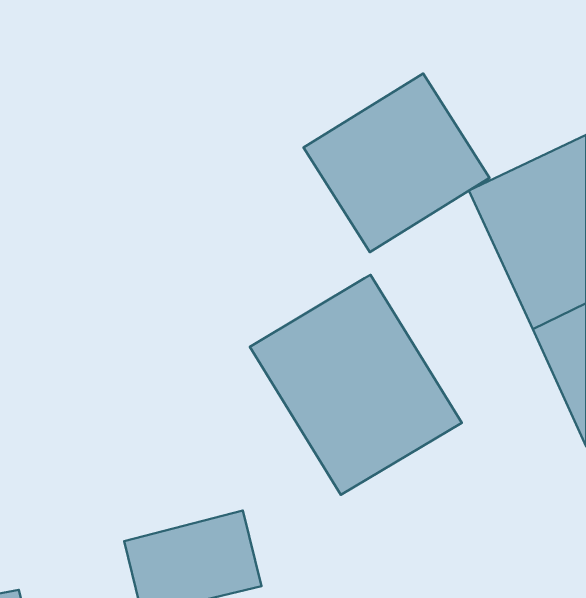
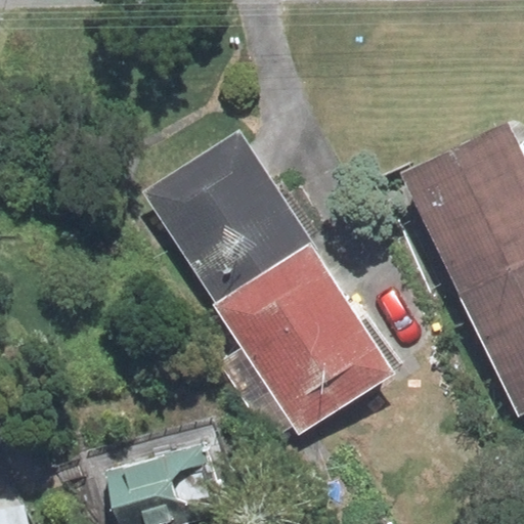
building: [303,73,489,252] -> none
building: none -> [142,131,315,308]

